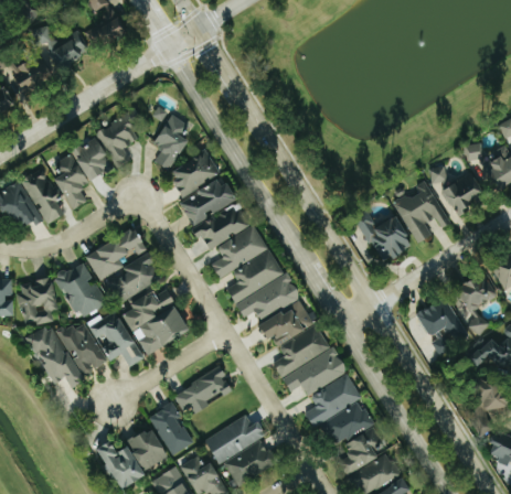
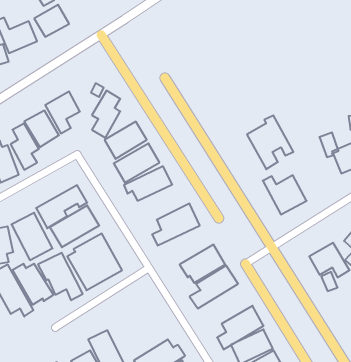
building: [393,180,449,245] -> [247,115,293,169]
building: [210,225,267,278] -> none
building: [234,273,299,320] -> none
building: [281,346,347,396] -> none
building: [171,368,232,414] -> none

